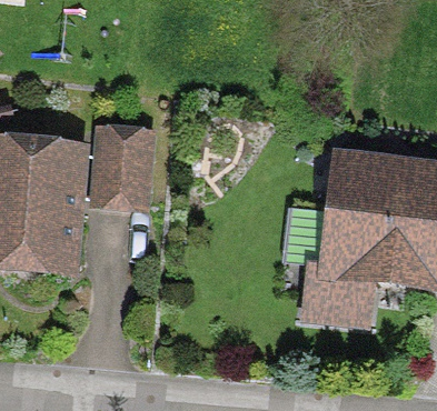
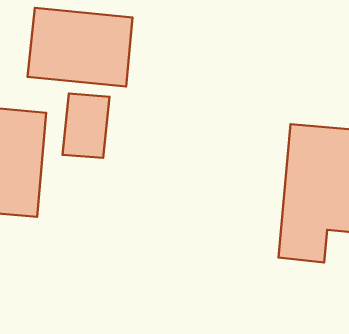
building: none -> [28,8,133,87]

